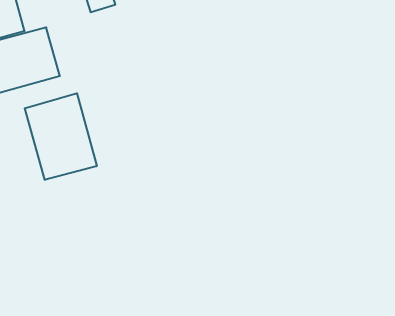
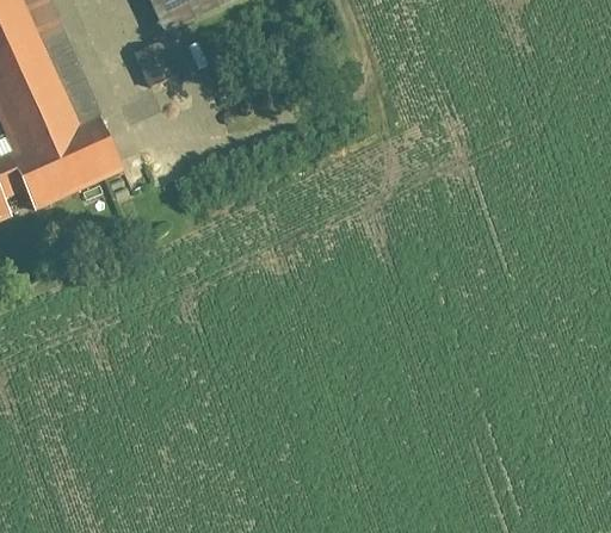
building: [25,93,97,180] -> none

